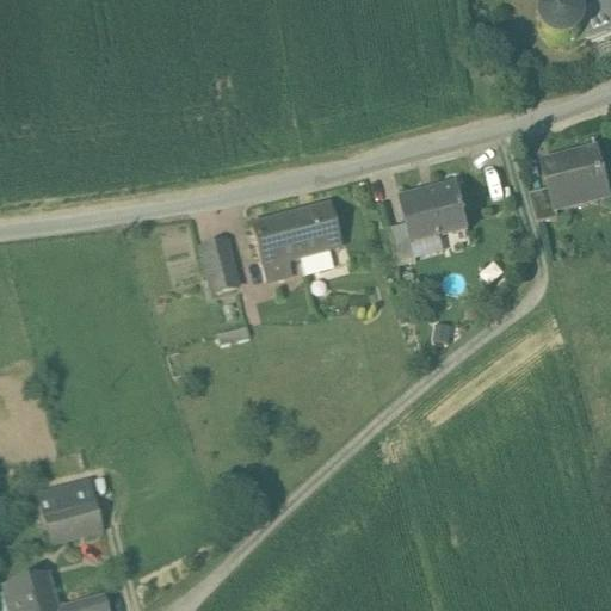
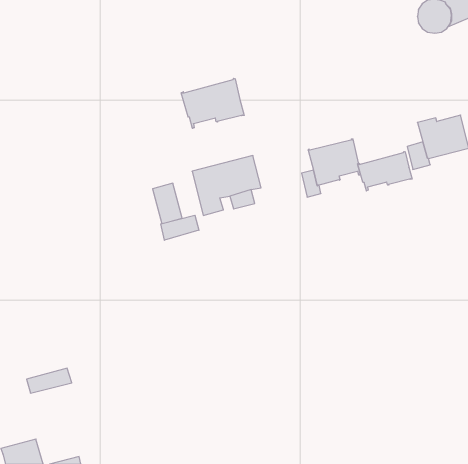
building: none -> [181,78,244,128]
building: none -> [358,152,412,191]
building: none -> [161,215,199,240]
building: [42,496,104,541] -> none

